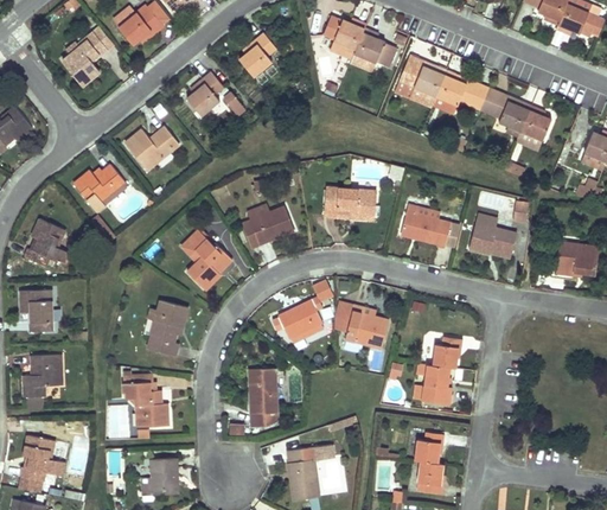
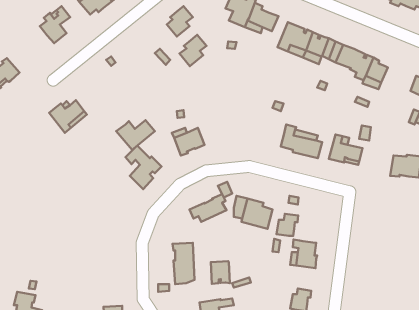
building: [186,72,224,116] -> [180,35,207,66]
building: [124,128,179,170] -> [116,120,155,150]
building: [324,187,376,217] -> none
building: [24,219,70,266] -> none
building: [20,289,51,331] -> none
building: [148,300,187,356] -> none
building: [432,337,462,368] -> [276,214,298,236]
building: [24,355,62,397] -> none
building: [122,375,168,427] -> none
building: none -> [211,261,230,284]

